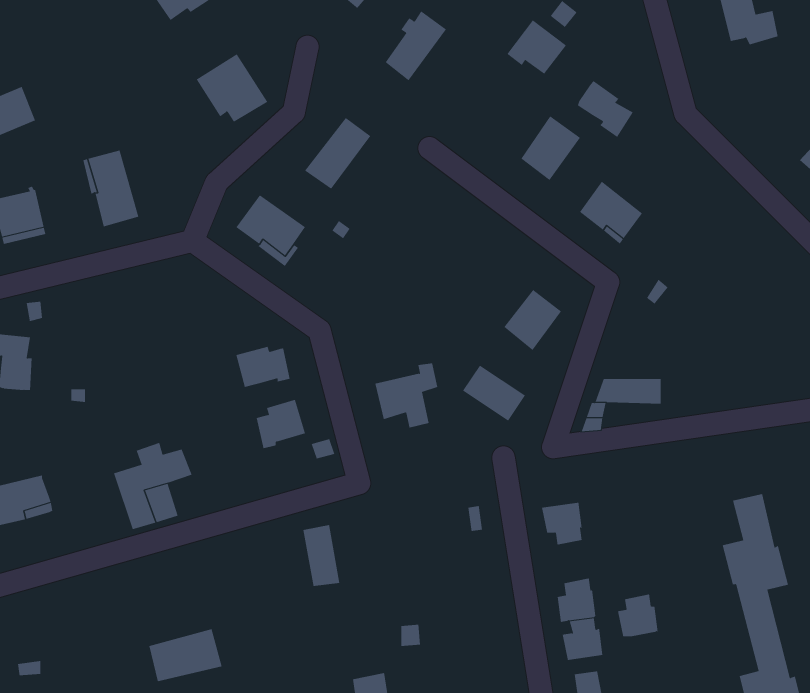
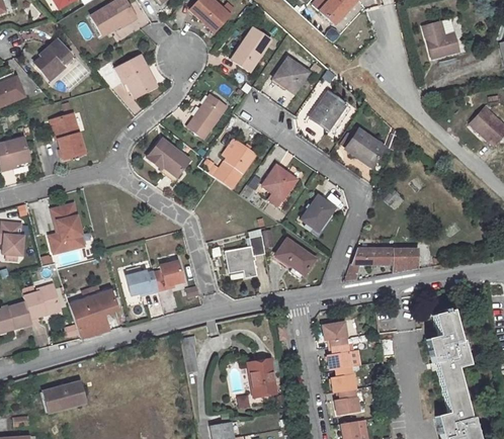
building: [507,20,567,75] -> [272,59,308,91]
building: none -> [34,38,74,79]
building: [577,80,634,138] -> none
building: none -> [209,141,252,185]
building: none -> [260,166,293,198]
building: none -> [46,201,79,252]
building: [236,346,291,387] -> [125,270,158,294]
building: none -> [393,248,419,272]
building: none -> [25,284,63,318]
building: none -> [248,357,274,394]
building: [617,594,658,637] -> [327,343,351,368]
building: [149,629,223,682] -> [43,378,86,410]

